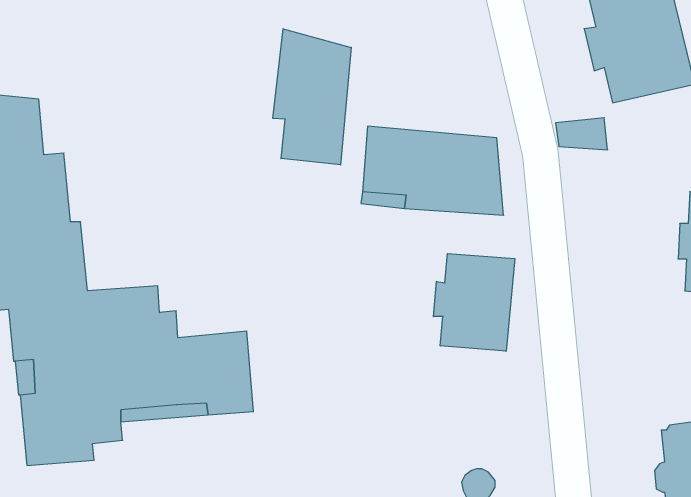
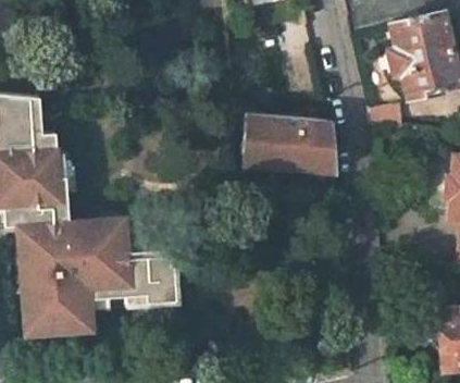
building: [273,29,351,165] -> none
building: [433,254,515,351] -> none

